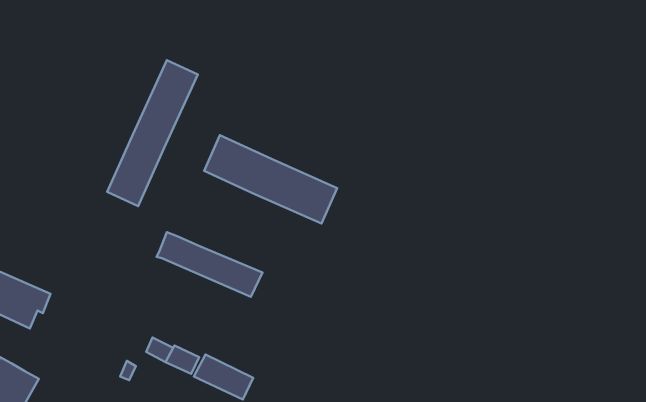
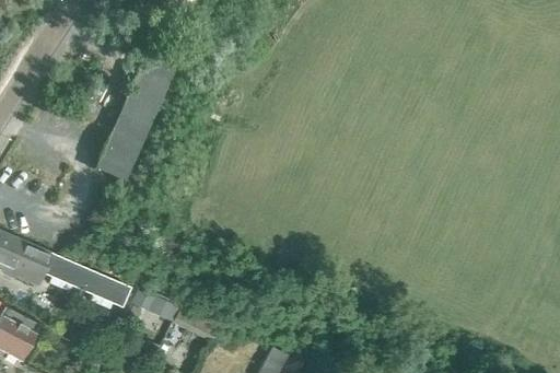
building: [204,135,337,224] -> none
building: [157,232,263,297] -> [43,253,132,307]

